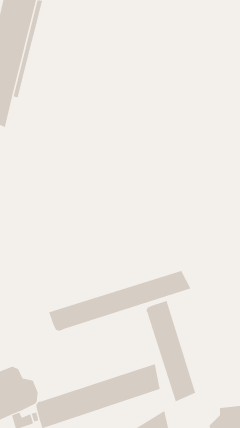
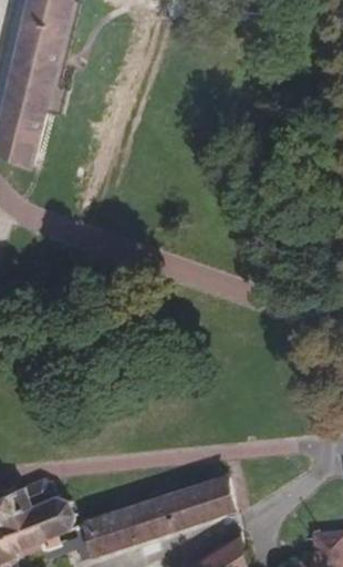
building: [49,270,191,331] -> none
building: [146,300,196,402] -> none

